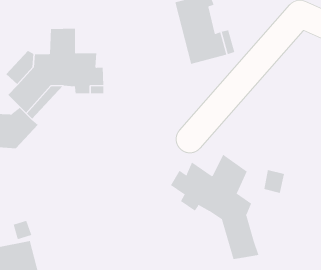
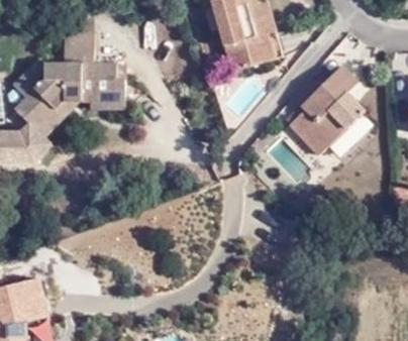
building: none -> [285,74,356,159]
building: [170,154,259,260] -> none

